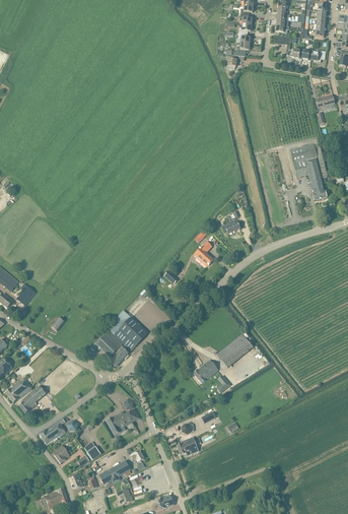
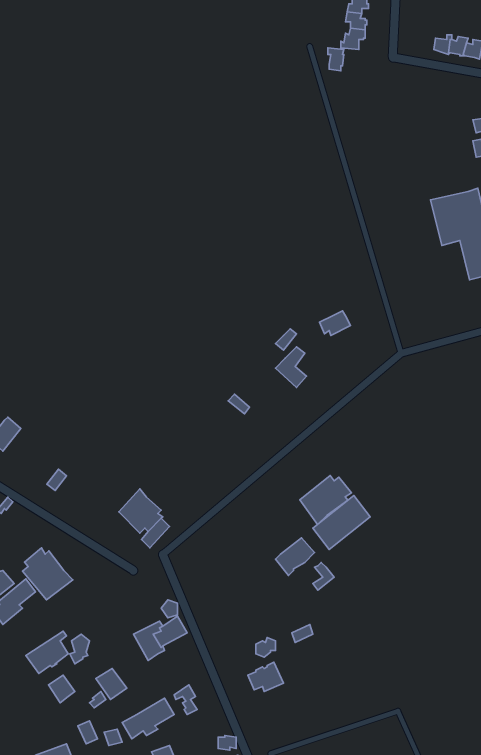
building: [114,316,147,349] -> none
building: none -> [300,476,352,524]
building: none -> [22,548,73,600]

